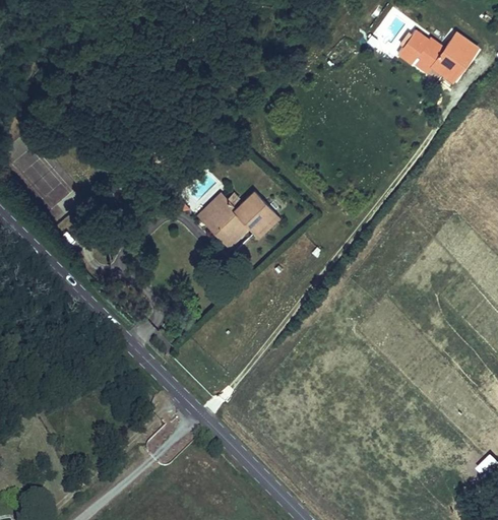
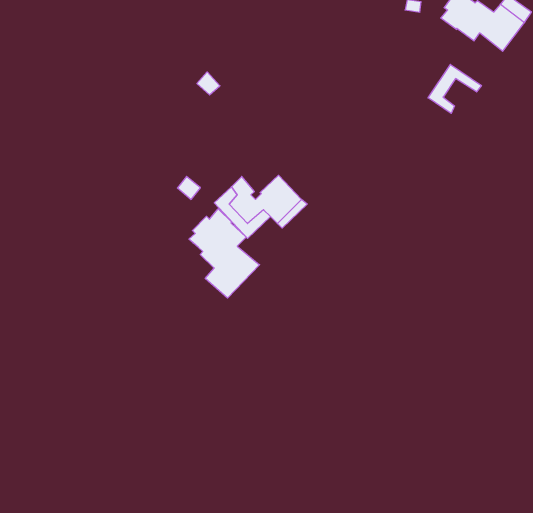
building: none -> [428,64,481,113]
building: none -> [189,209,260,298]

